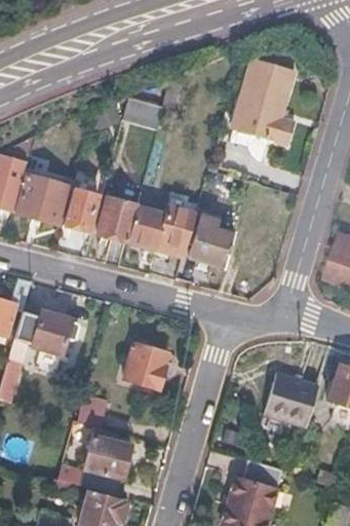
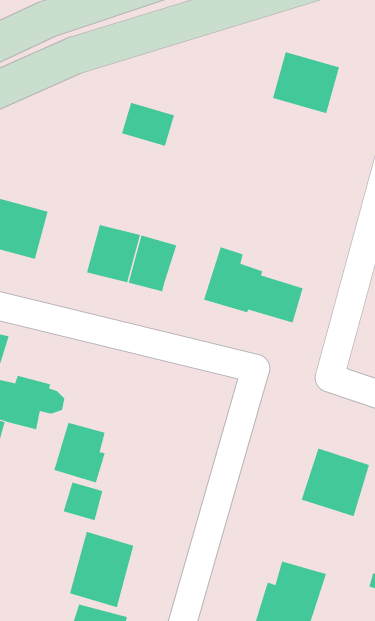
building: [231,95,294,144] -> none
building: [62,185,96,230] -> none
building: [156,203,194,248] -> none
building: [125,343,166,391] -> [54,422,106,483]

